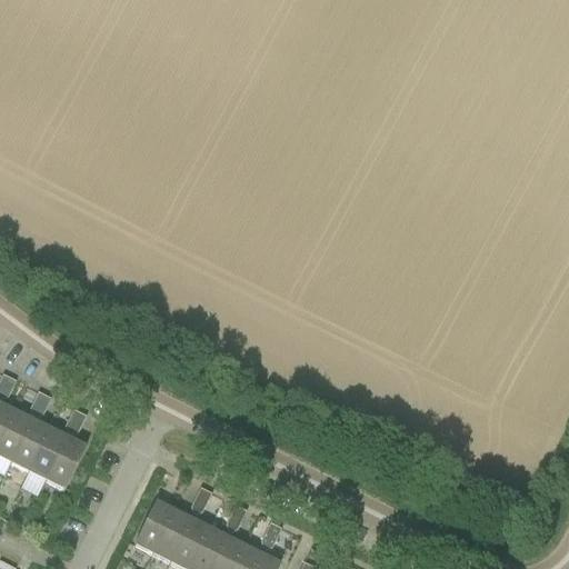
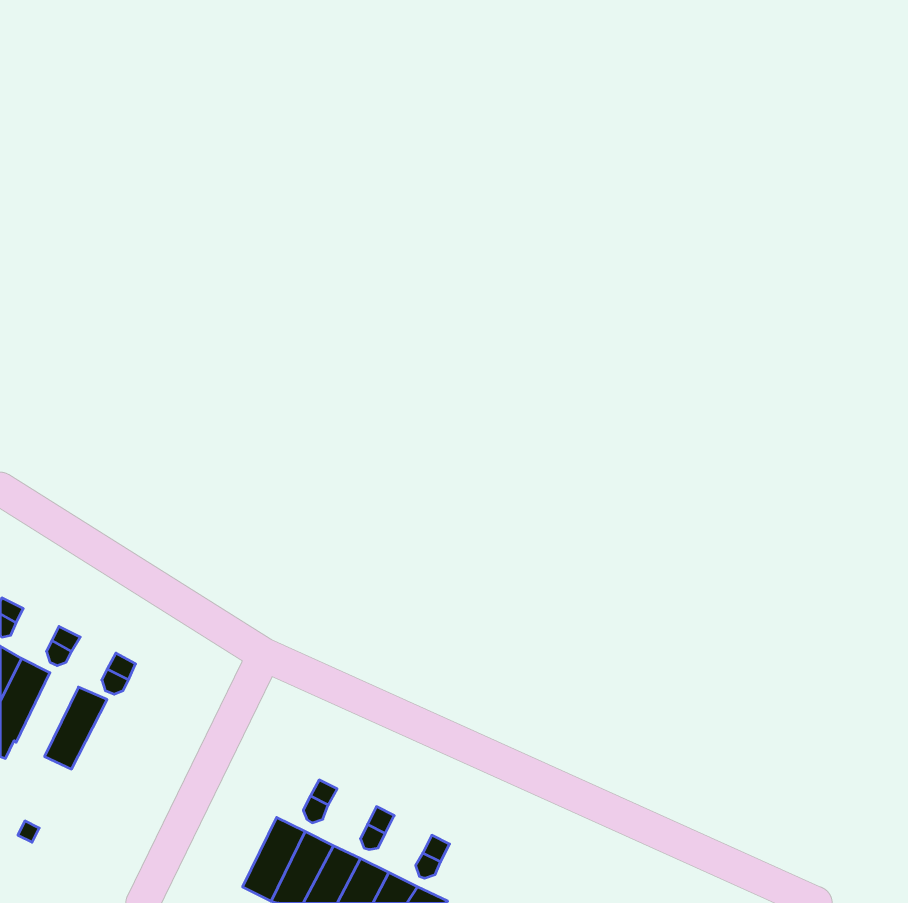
building: [12,419,51,471] -> none
building: [47,436,87,489] -> none
building: [134,500,174,552] -> none

